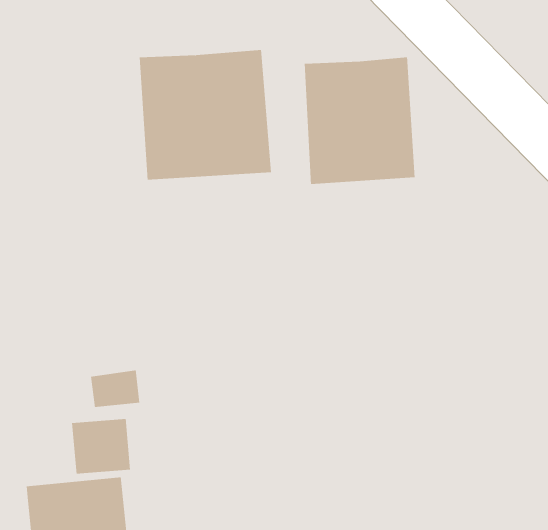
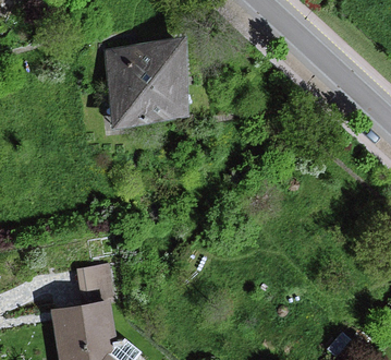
building: [304,57,415,185] -> none

